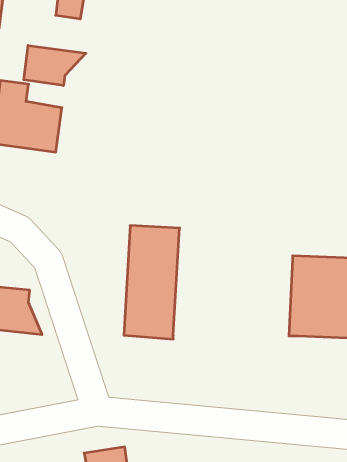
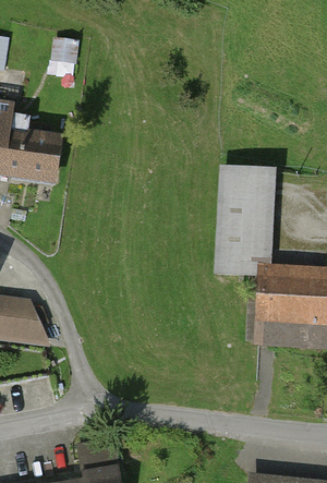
building: [24,45,86,86] -> none
building: [124,226,180,339] -> [218,172,267,273]

